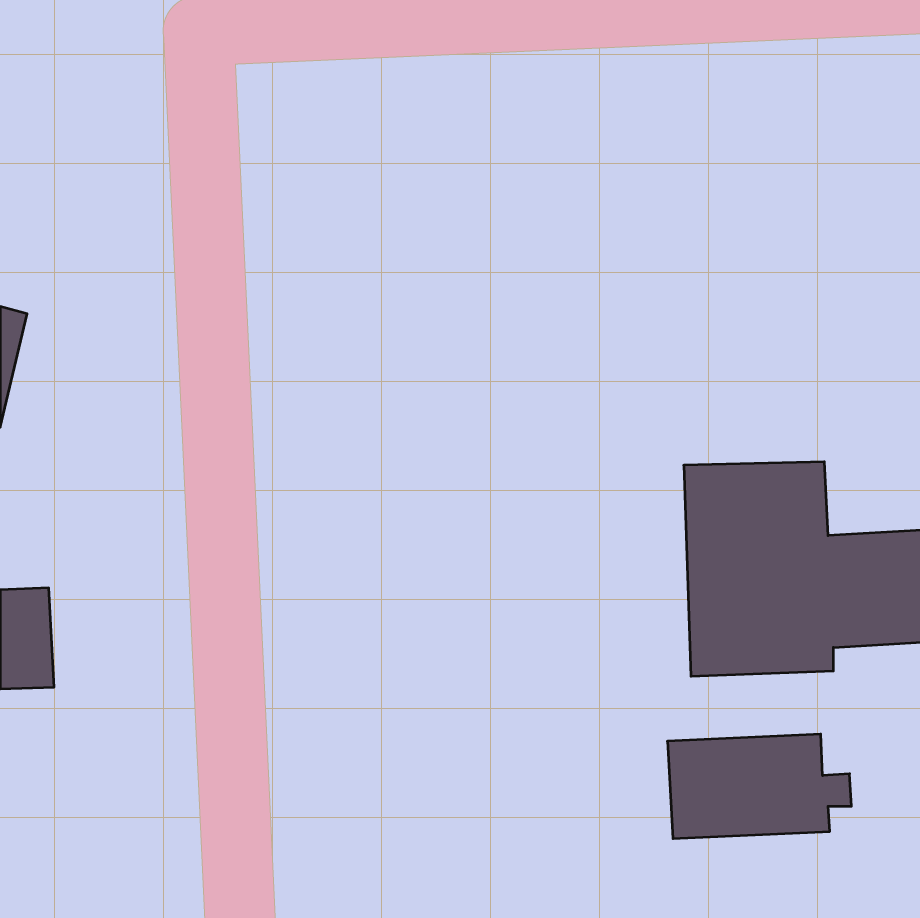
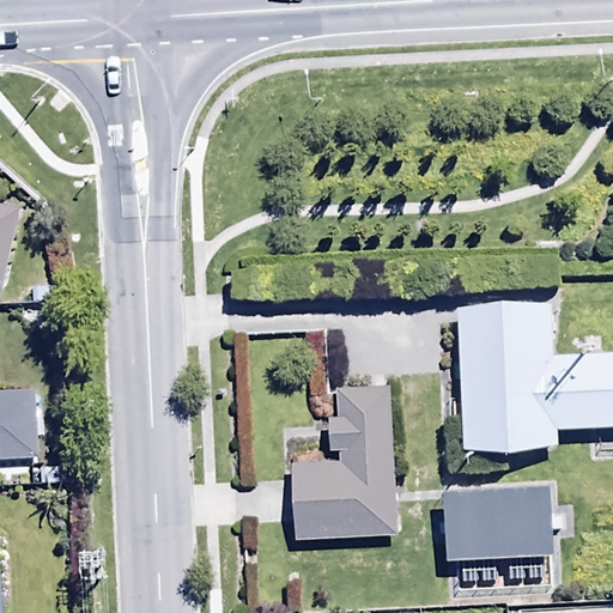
building: none -> [292,388,397,539]

